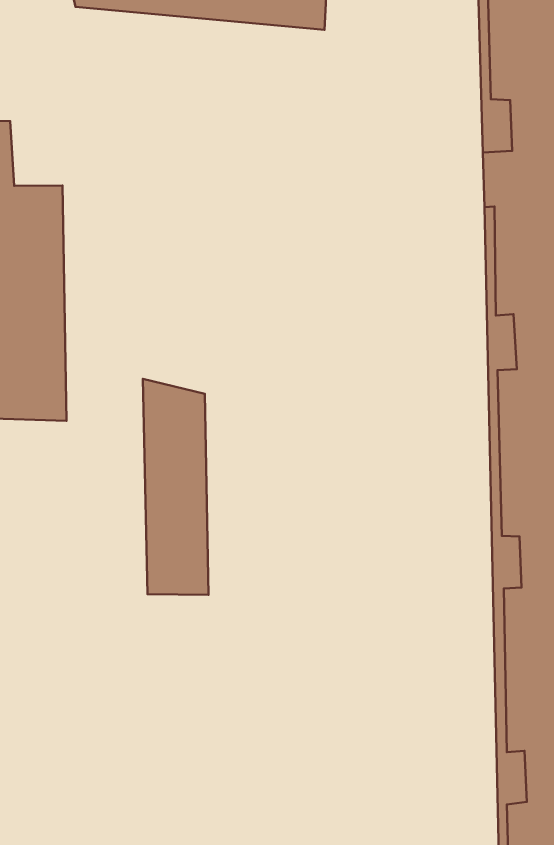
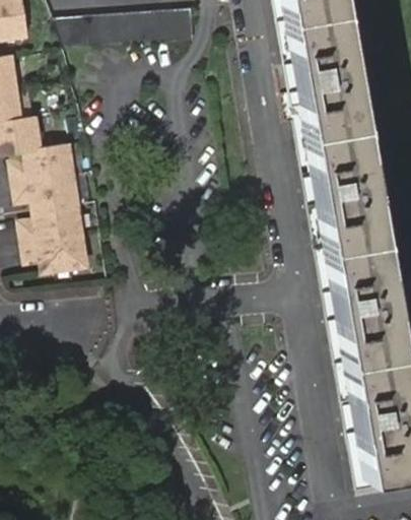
building: [143,379,208,595] -> none

